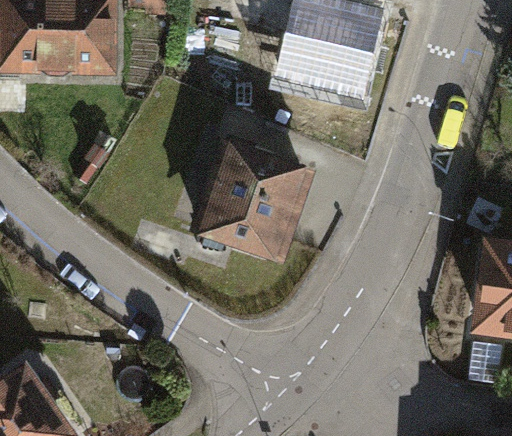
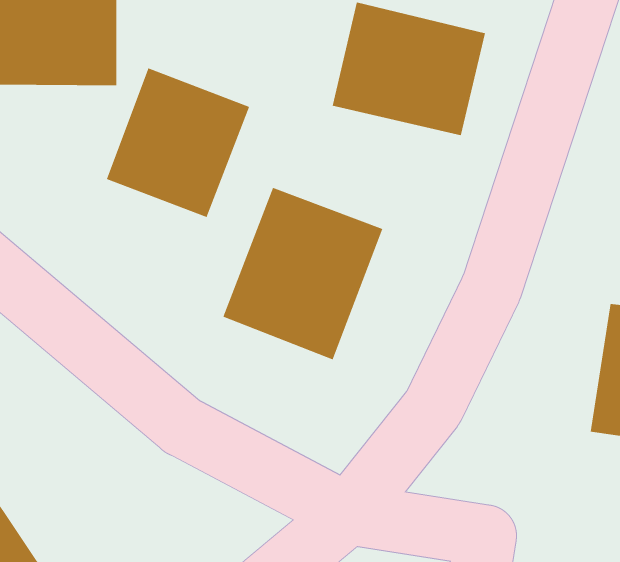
building: none -> [106,68,250,218]

